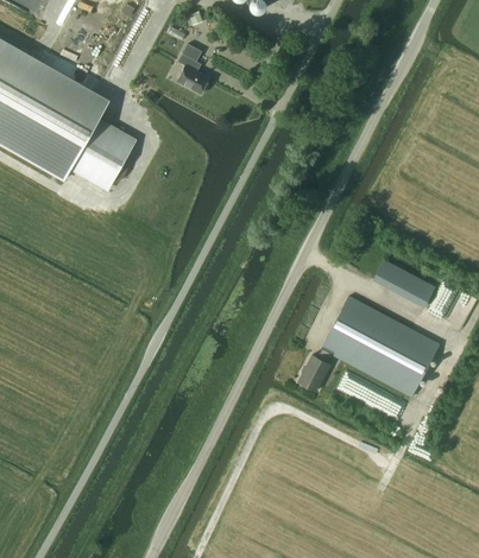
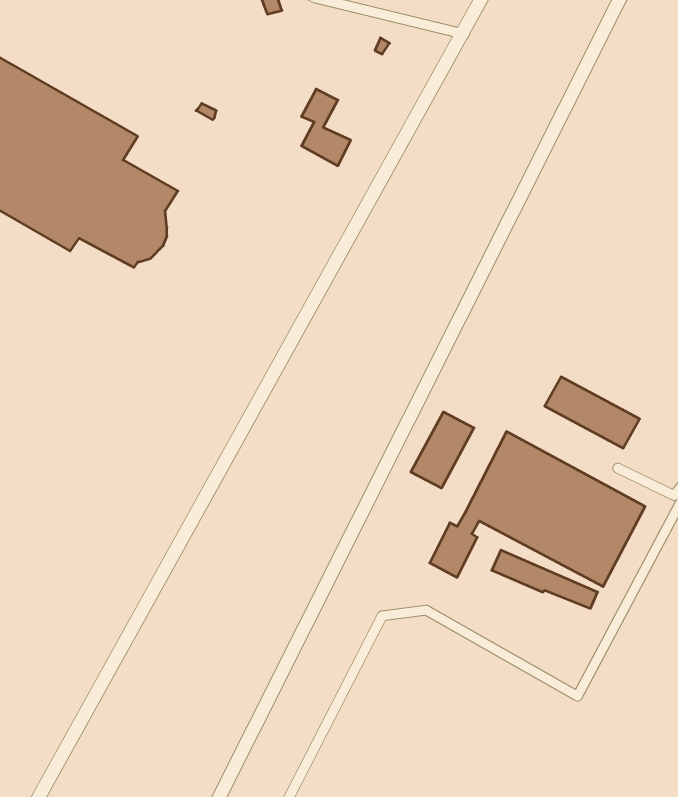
building: [177,44,209,94] -> [301,89,351,166]
building: none -> [411,412,474,488]

